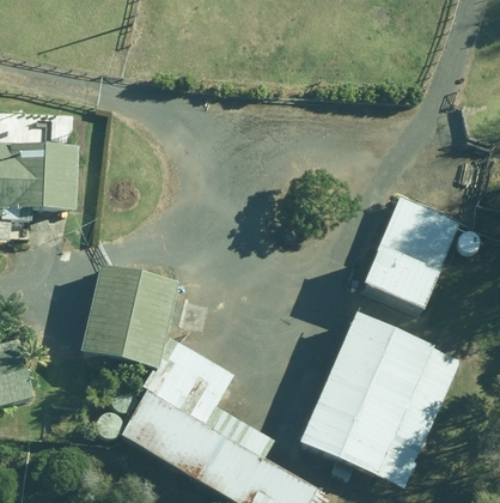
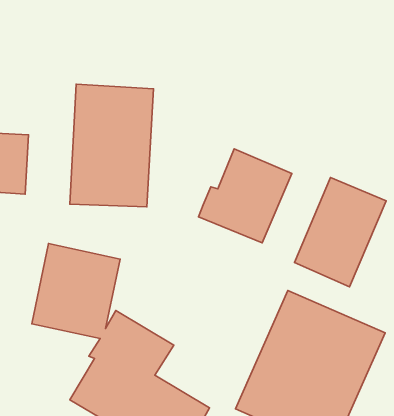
building: none -> [70,84,154,207]
building: none -> [198,149,292,243]

